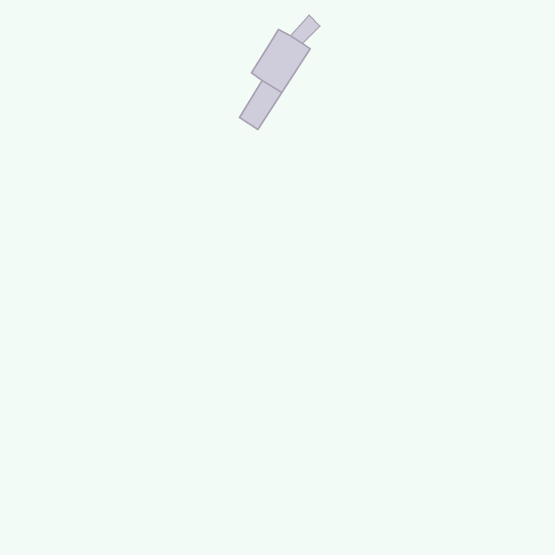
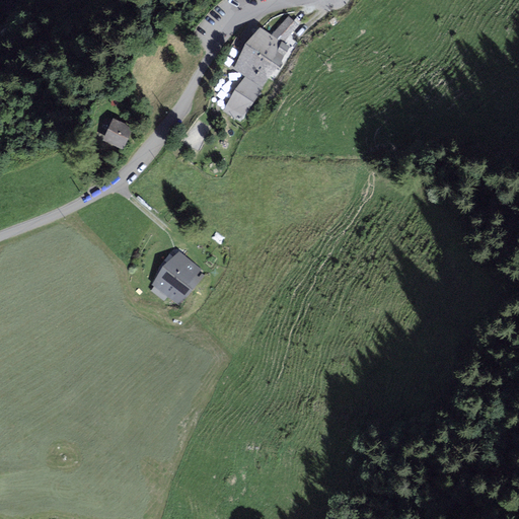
building: none -> [104,119,130,146]
building: none -> [154,254,201,302]

